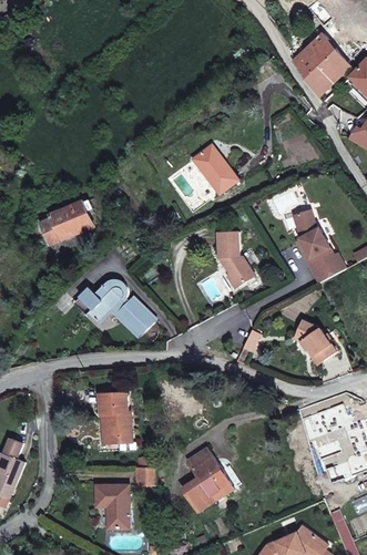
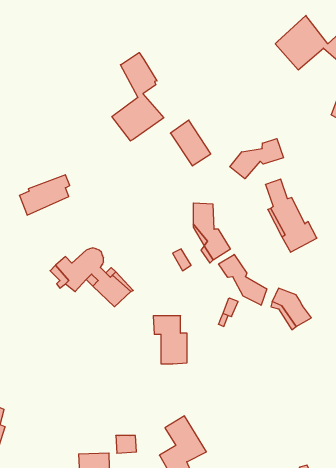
building: none -> [112,53,164,141]
building: none -> [230,139,283,179]
building: none -> [219,254,267,305]
building: [99,394,133,443] -> [153,316,187,364]

